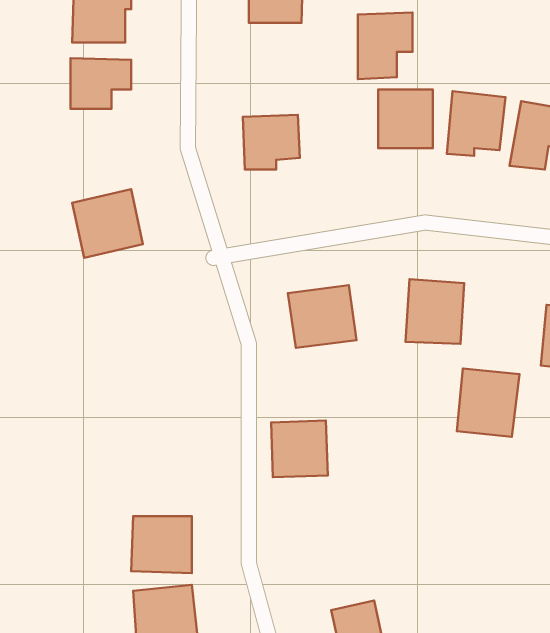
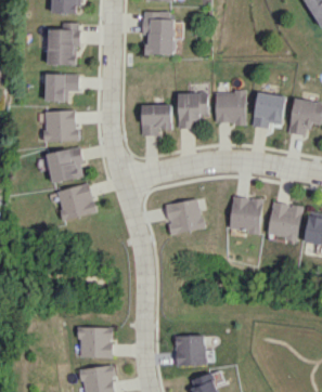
building: [358,13,413,79] -> [177,92,207,129]
building: none -> [43,110,76,141]
building: none -> [55,182,96,221]
building: [457,368,520,437] -> [268,201,302,239]
building: [271,421,328,477] -> [175,335,206,366]

